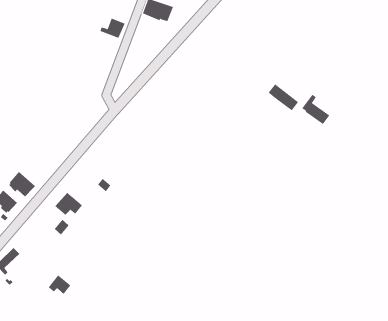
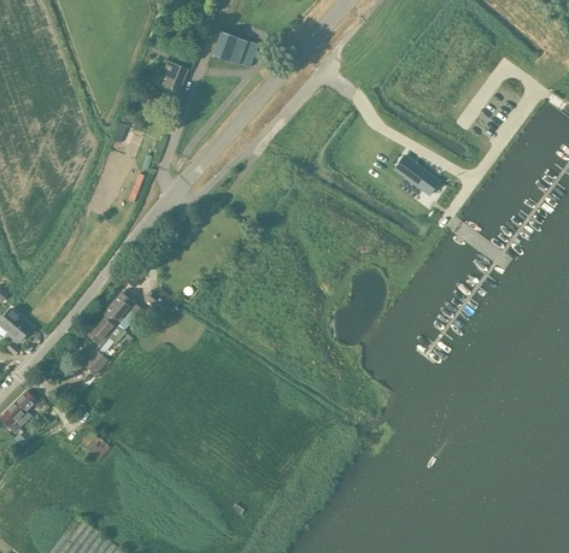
building: [301,94,330,125] -> none
building: [8,171,36,199] -> none
building: none -> [104,293,136,331]

